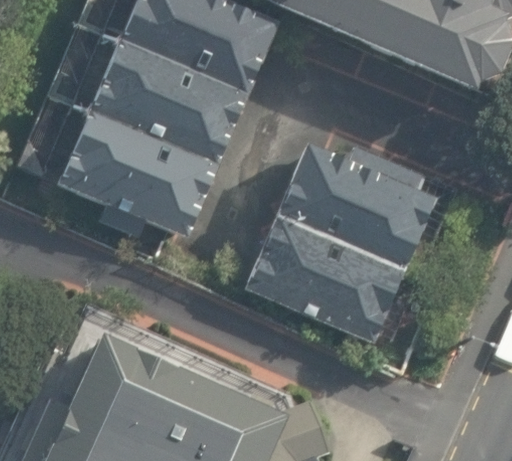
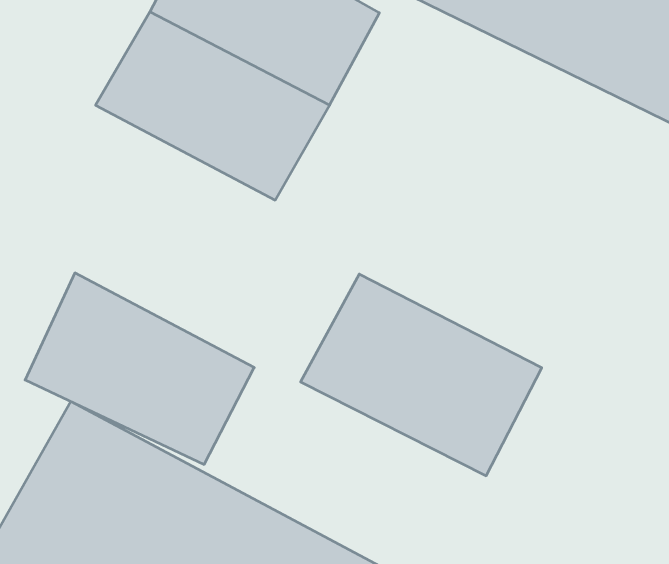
building: [61,113,216,235] -> [25,273,254,464]
building: [278,148,435,263] -> none

